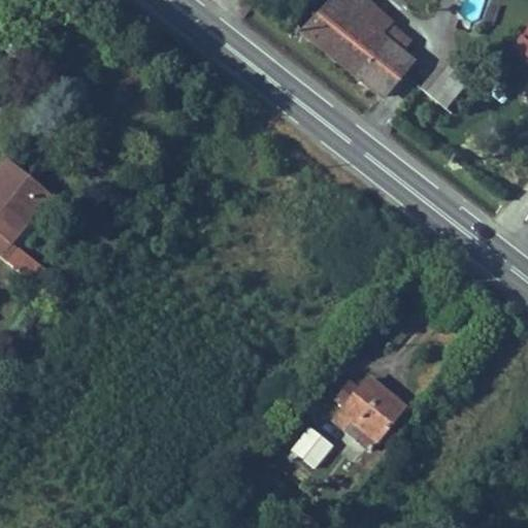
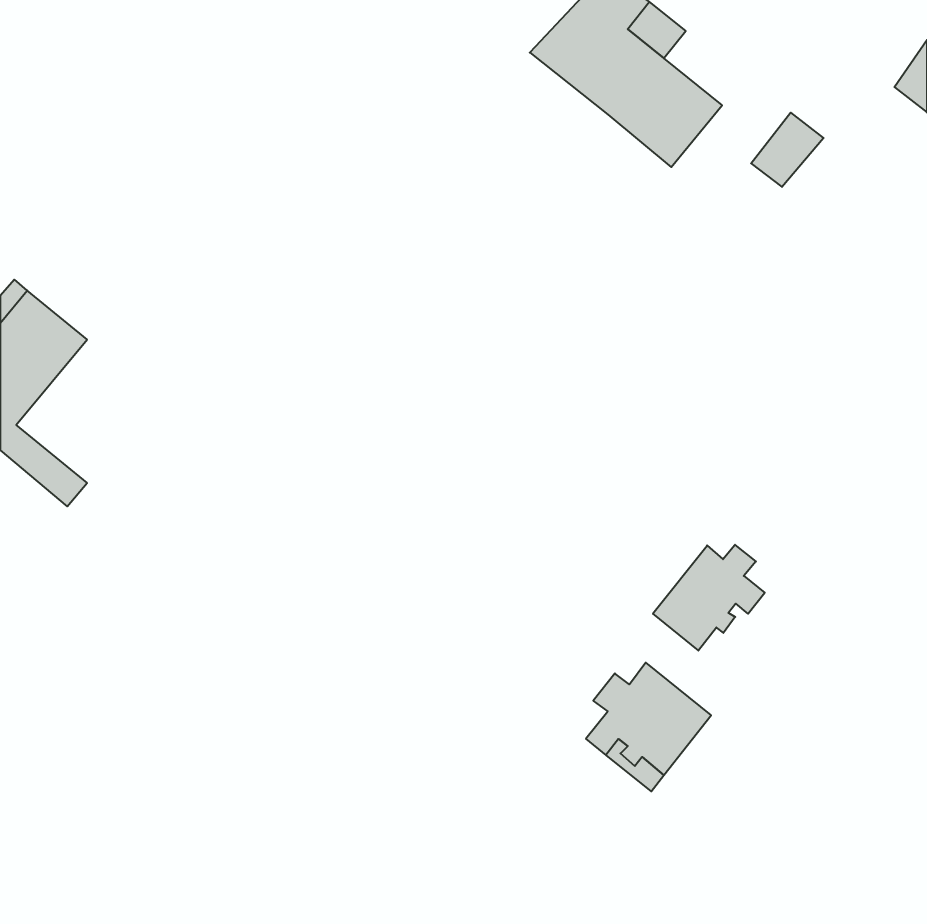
building: none -> [653,545,765,651]
building: [292,427,332,467] -> none

